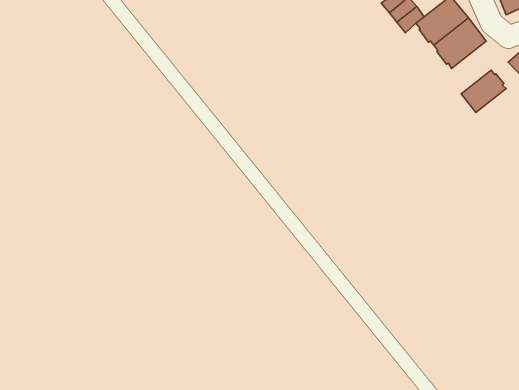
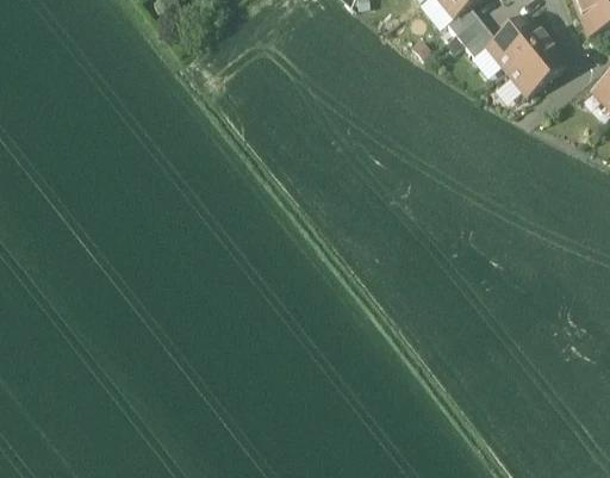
building: [461,70,506,112] -> none

